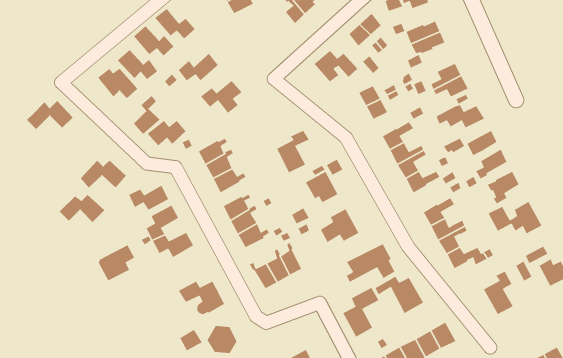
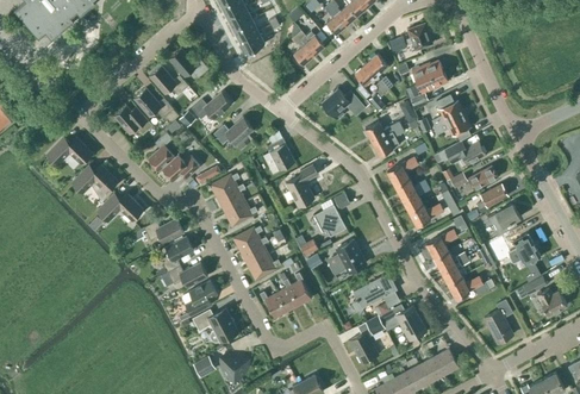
building: none -> [267,130,295,170]
building: [59,194,105,223] -> [74,165,118,193]
building: [98,244,135,282] -> [181,281,217,317]

